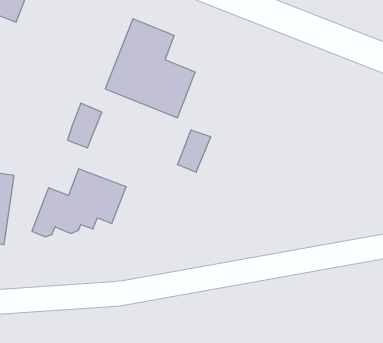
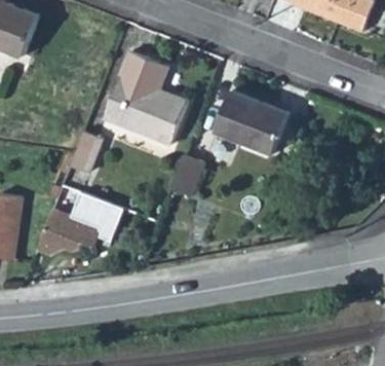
building: none -> [216,90,288,153]

